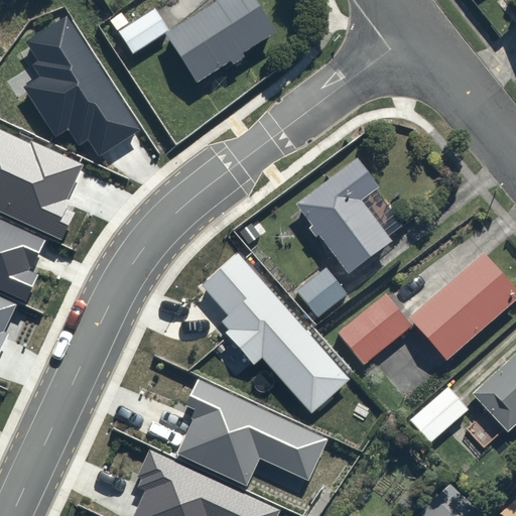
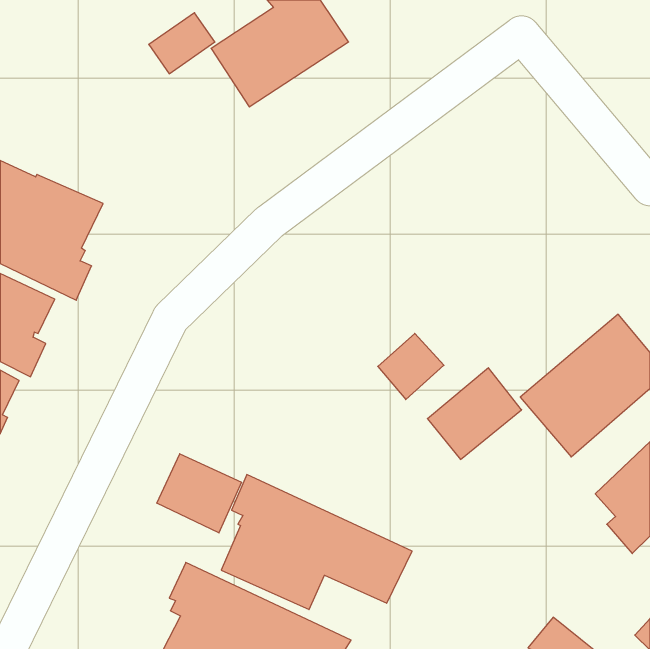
building: [22,15,139,155] -> none
building: [297,153,396,274] -> none
building: [200,252,347,412] -> none
building: none -> [157,454,241,533]
building: [412,386,470,443] -> none

